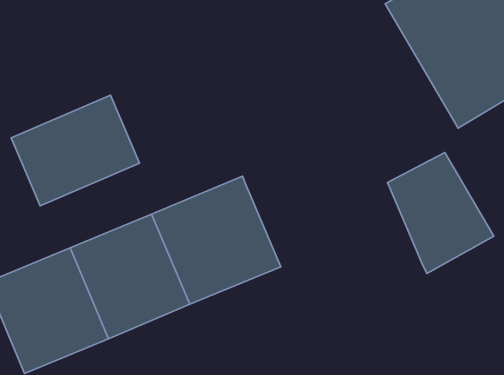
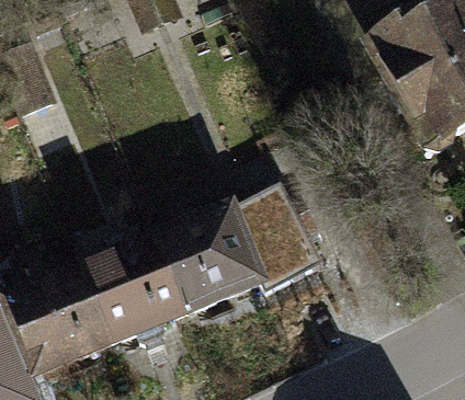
building: [11,95,140,206] -> none
building: [387,153,494,273] -> [227,183,325,294]

